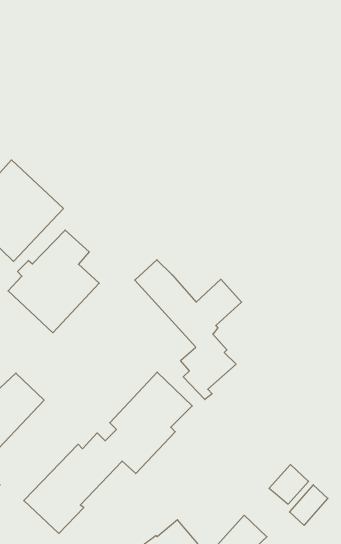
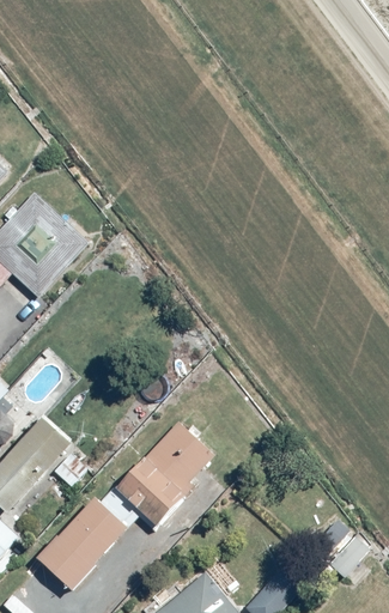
building: [8,230,99,333] -> none
building: [135,260,242,400] -> none

